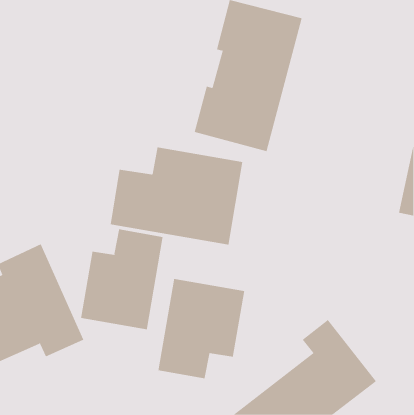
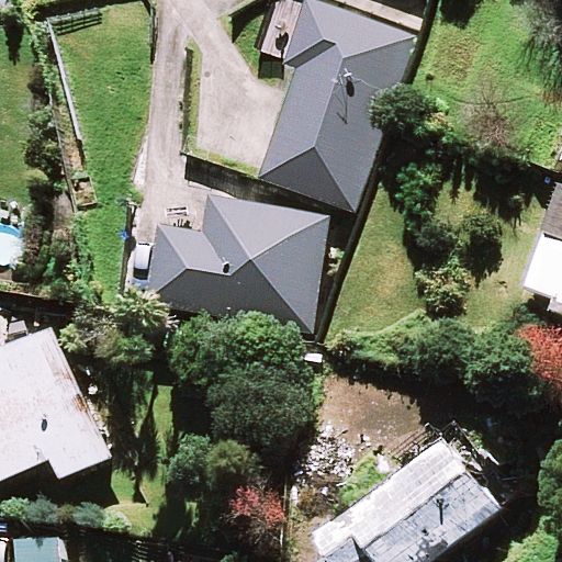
building: [80,229,163,330] -> none
building: [158,278,245,379] -> none

